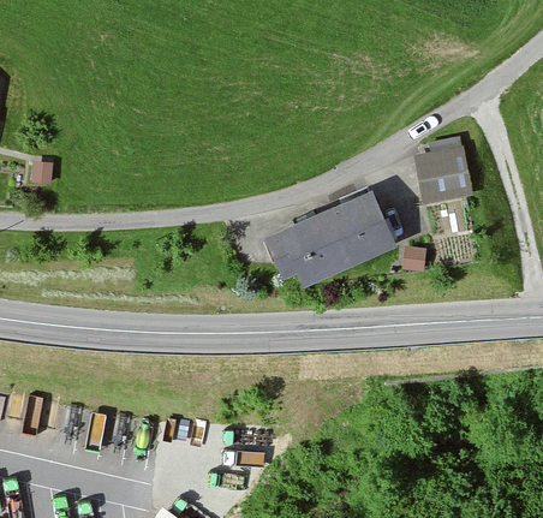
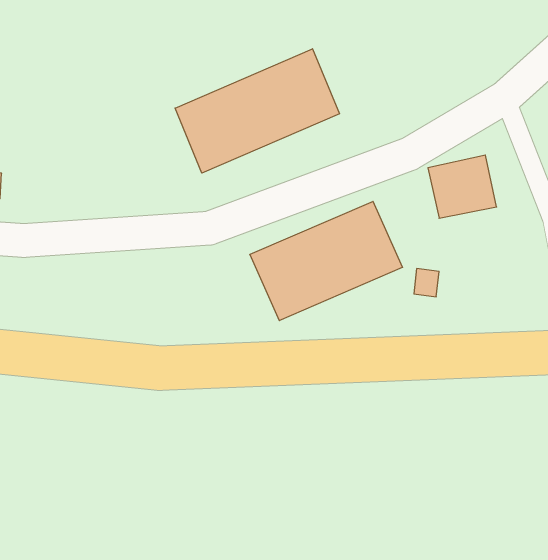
building: none -> [175,49,339,173]

